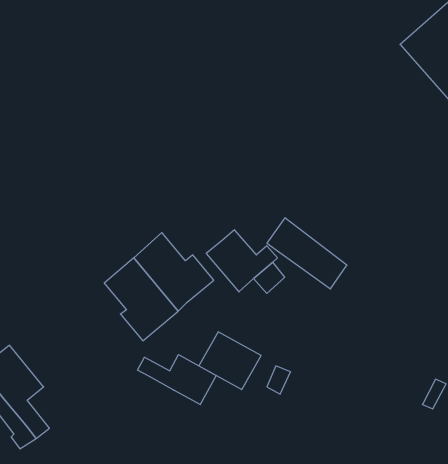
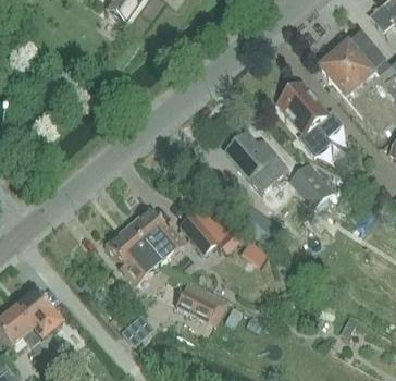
building: none -> [279,85,343,156]
building: none -> [225,133,287,184]
building: none -> [288,162,333,207]
building: [138,355,216,405] -> none

